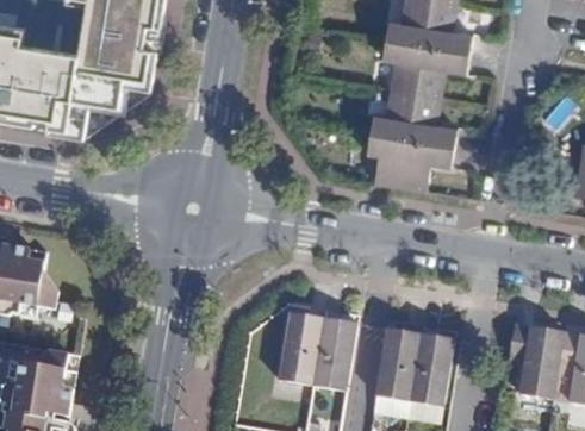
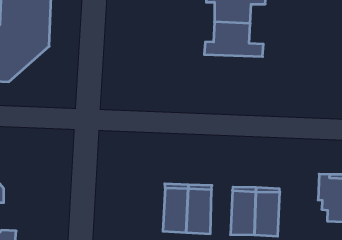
building: [366,132,453,190] -> none

